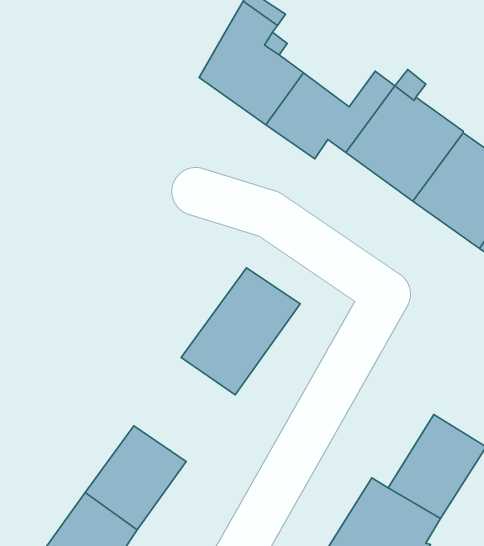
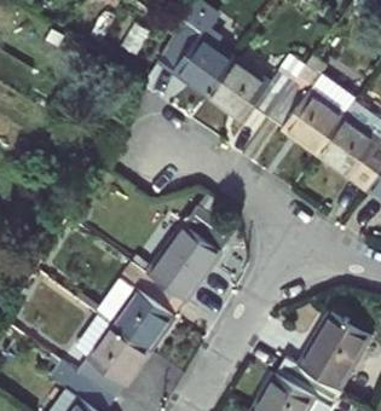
building: none -> [109,270,184,347]

